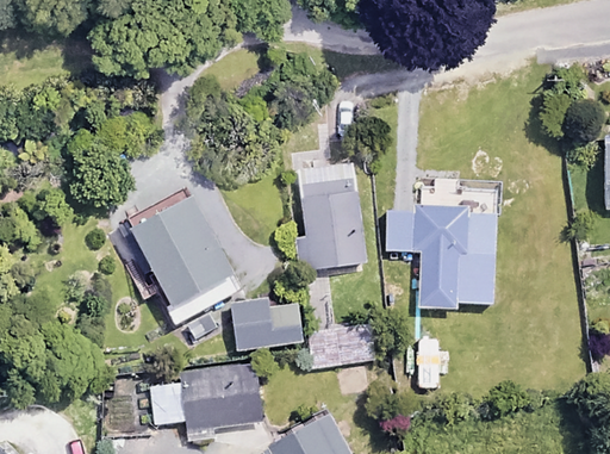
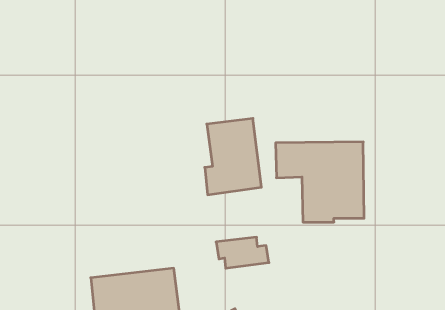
building: [133,199,241,340] -> none
building: [228,299,301,347] -> none

